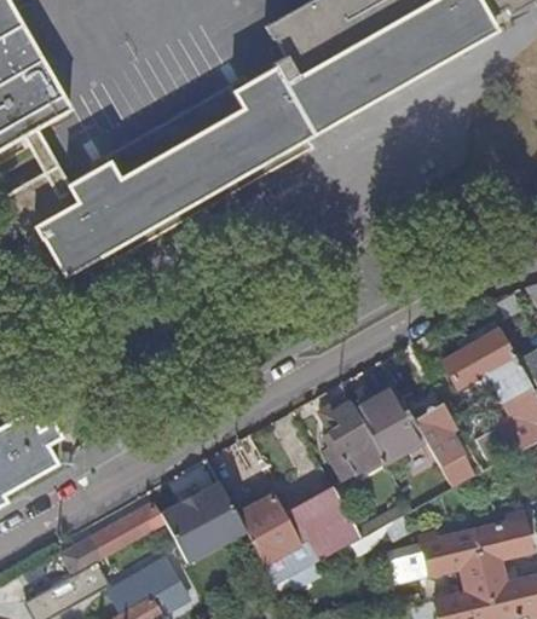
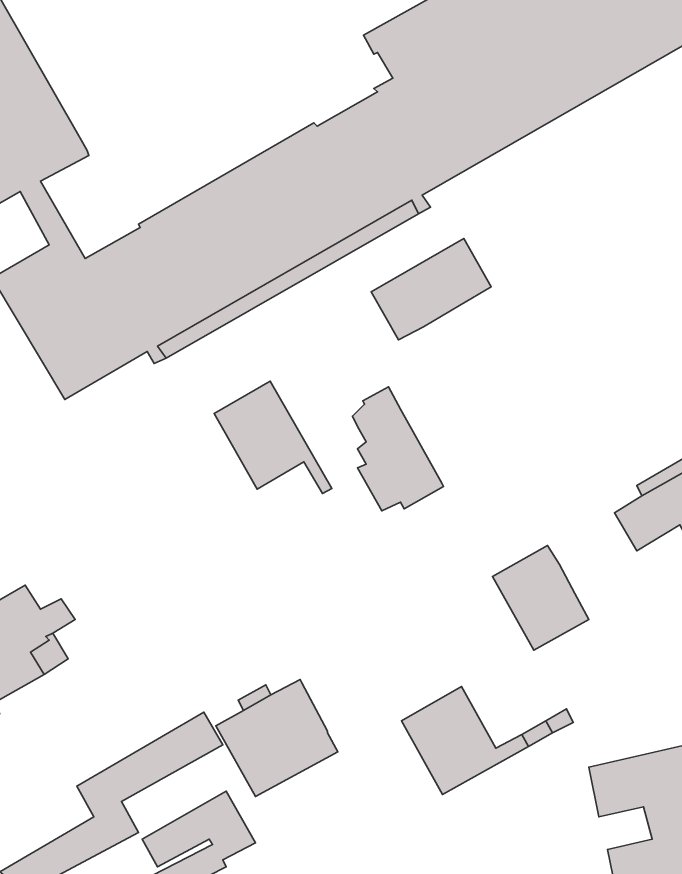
building: none -> [371,238,491,340]
building: none -> [214,381,332,494]
building: [321,391,385,478] -> [352,387,444,511]
building: [412,400,475,488] -> none
building: [238,493,319,583] -> none

